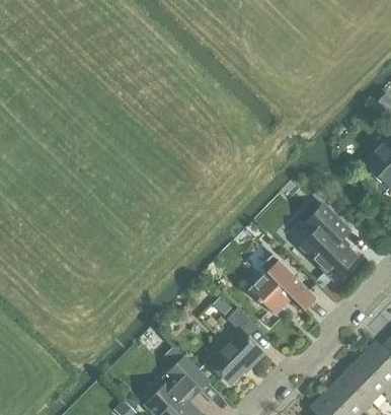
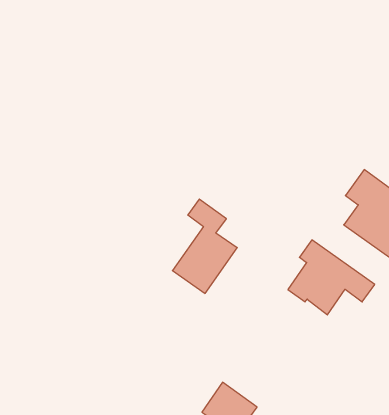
building: [208,308,262,385] -> [172,199,237,293]

